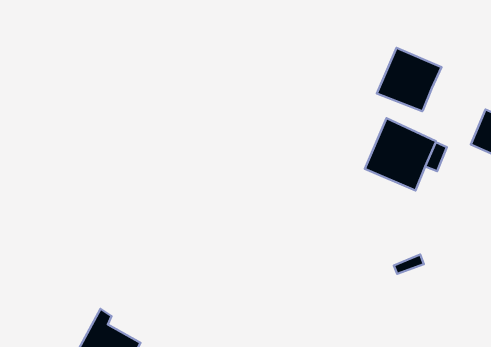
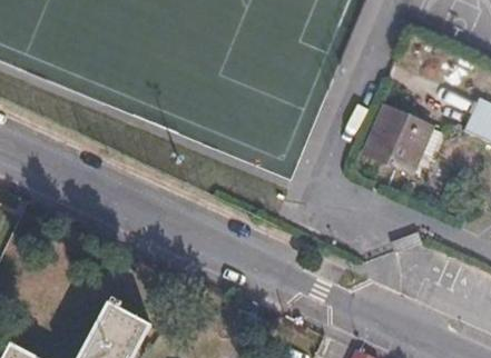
building: [377,48,442,111] -> none

